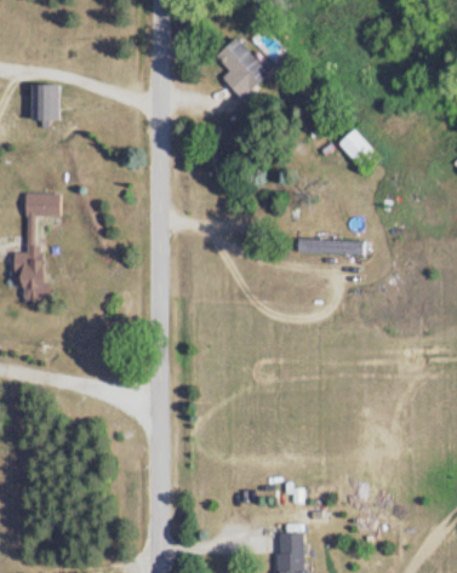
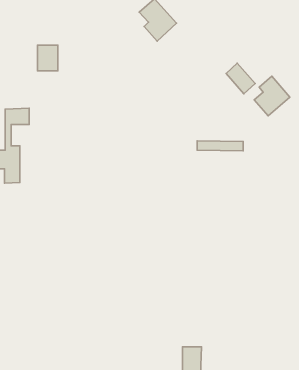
building: [32,84,61,120] -> [37,45,58,71]
building: none -> [254,76,290,116]

